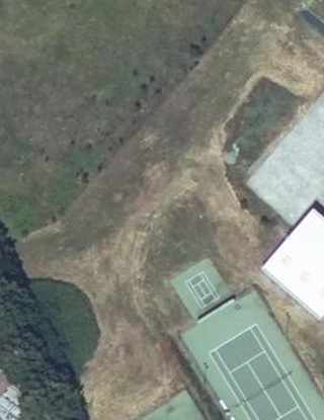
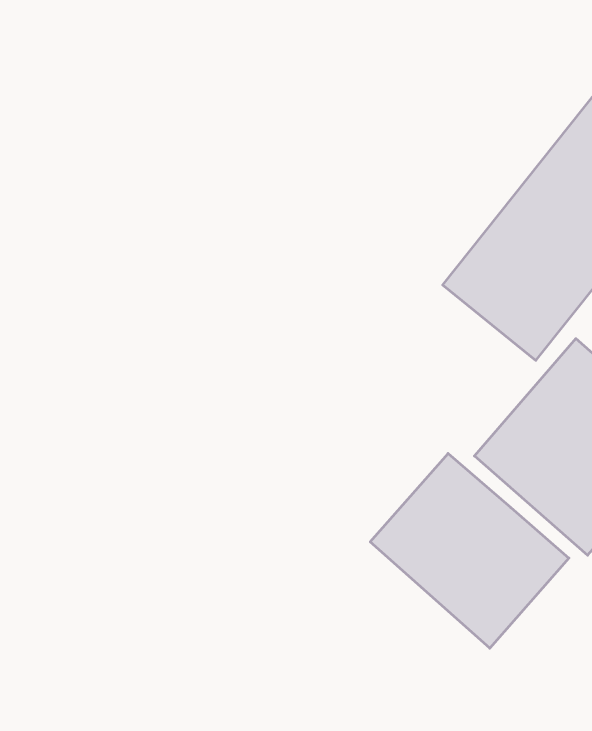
building: none -> [370,453,569,648]

